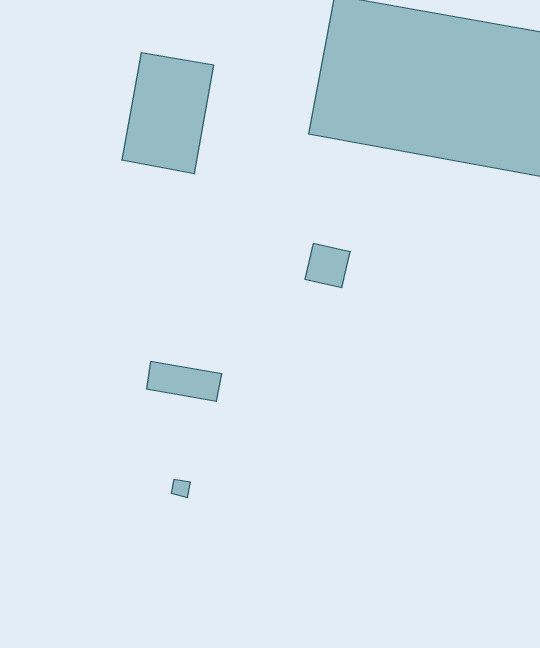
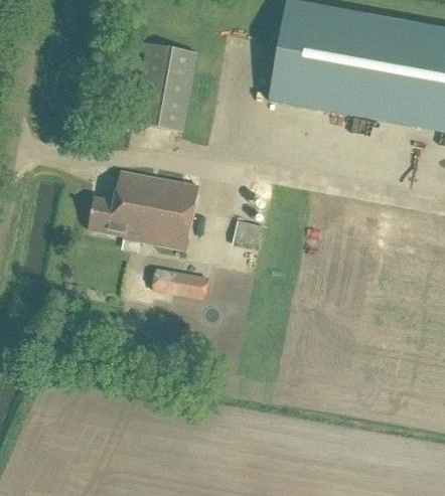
building: none -> [88,170,199,249]
building: [305,244,350,287] -> [231,218,264,251]

